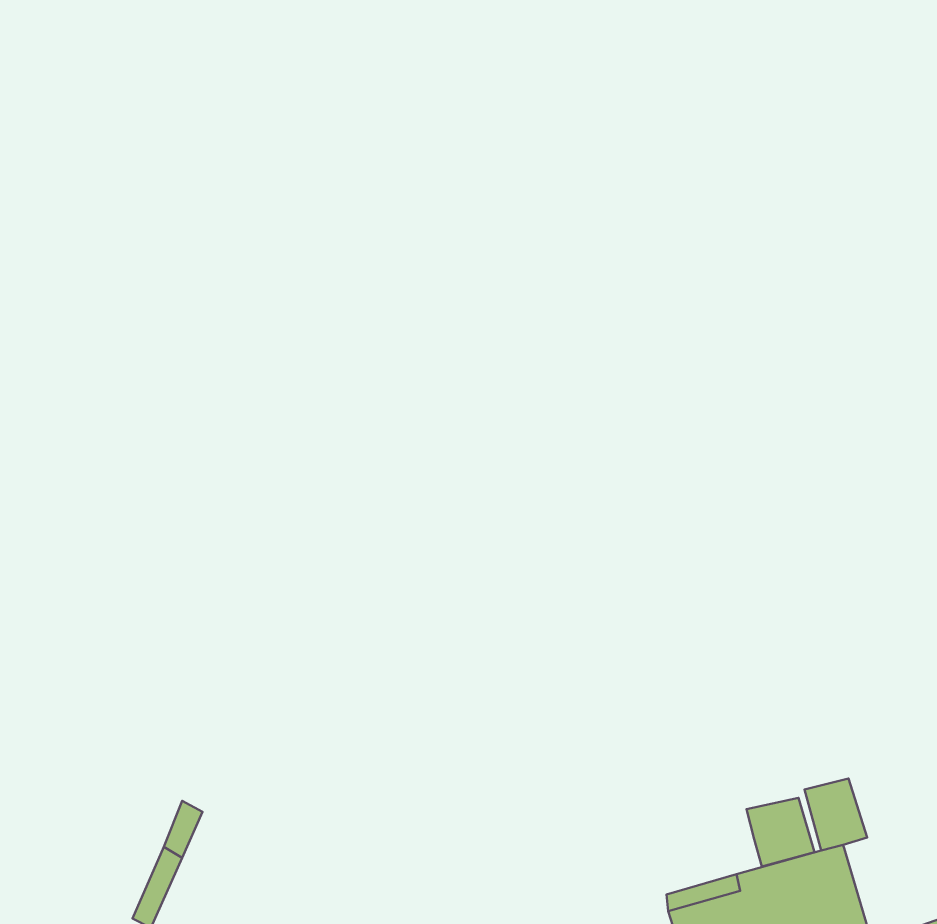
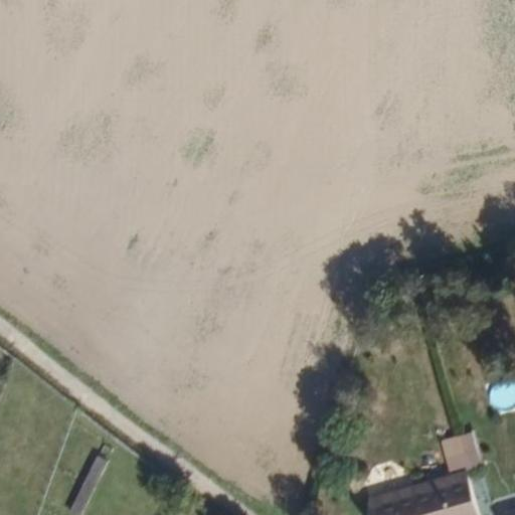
building: [747,798,814,867] -> none

